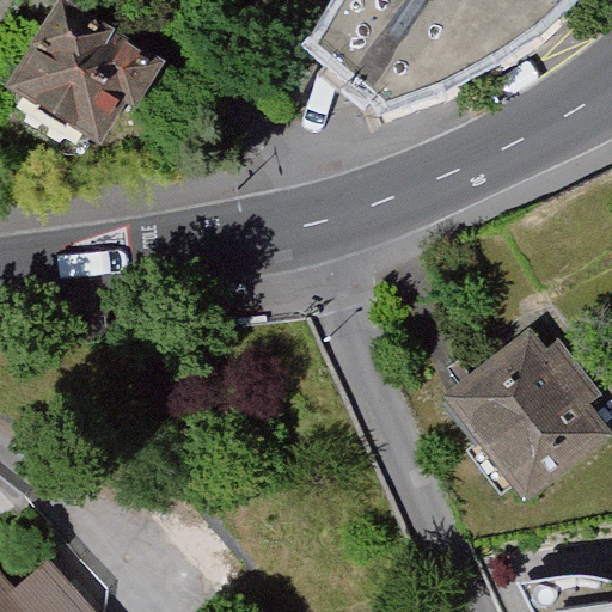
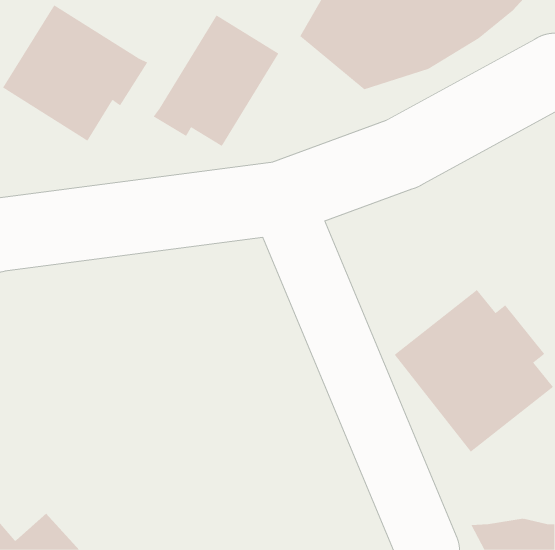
building: none -> [153,14,279,147]

